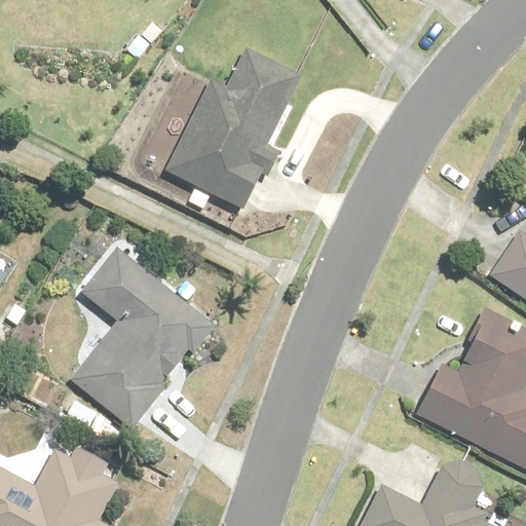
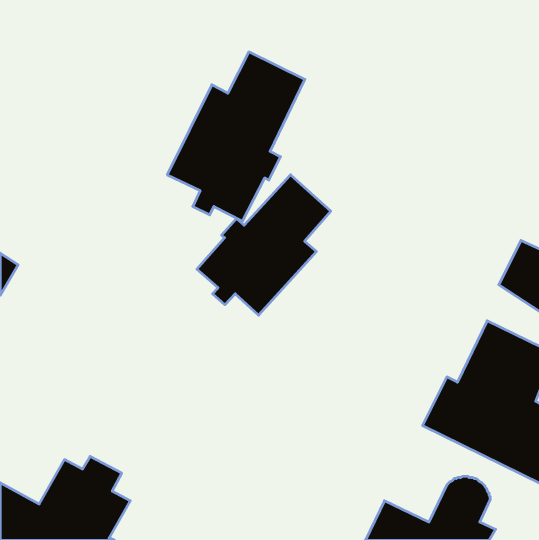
building: none -> [197,175,331,315]
building: [80,242,228,429] -> none

